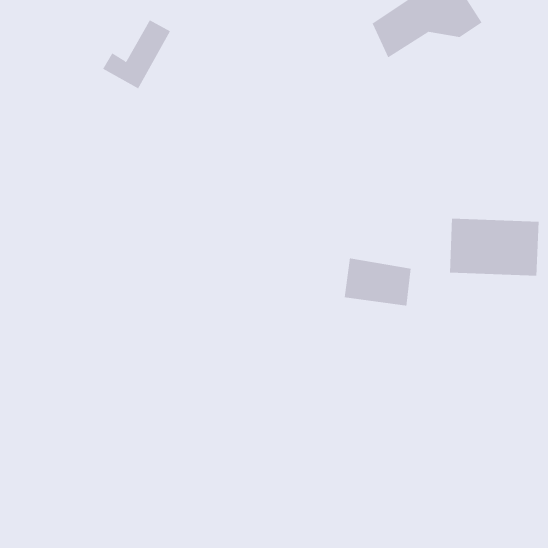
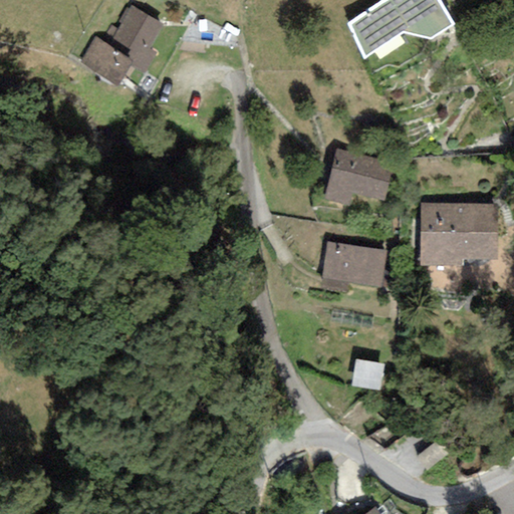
building: none -> [327,155,399,205]
building: none -> [348,356,381,389]

